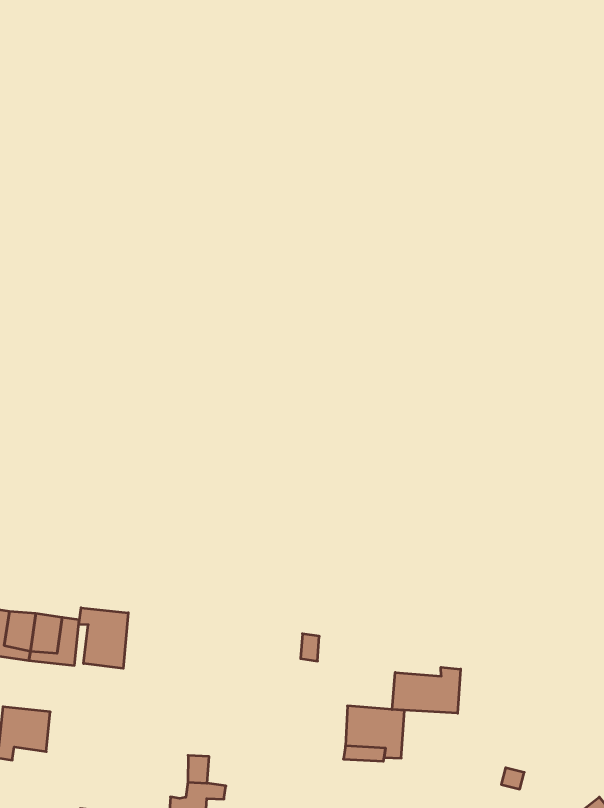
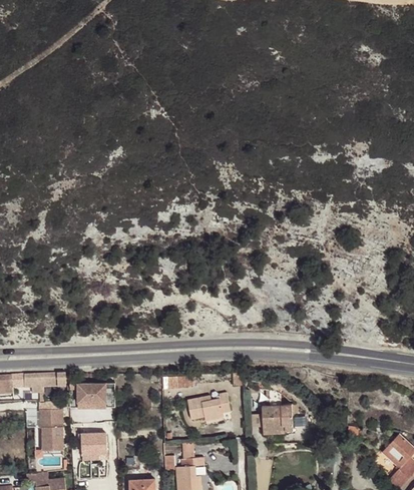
building: [79,608,128,668] -> none
building: [392,667,461,713] -> none
building: none -> [186,394,230,422]

